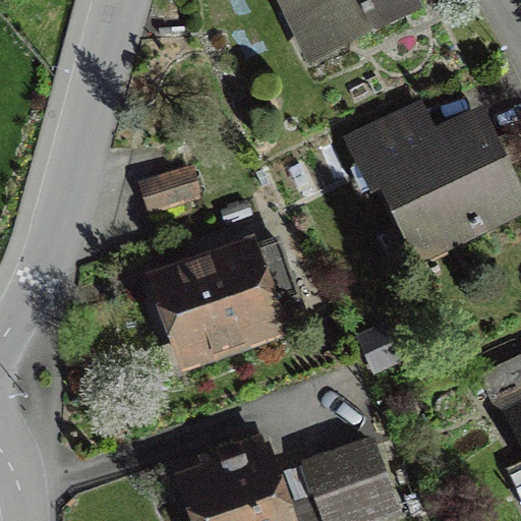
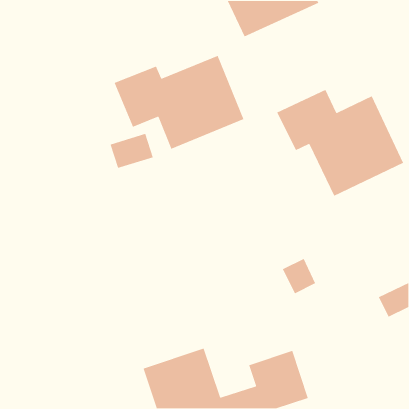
building: none -> [114,55,245,150]
building: [152,238,290,358] -> none

